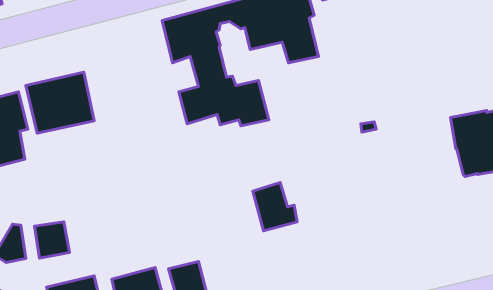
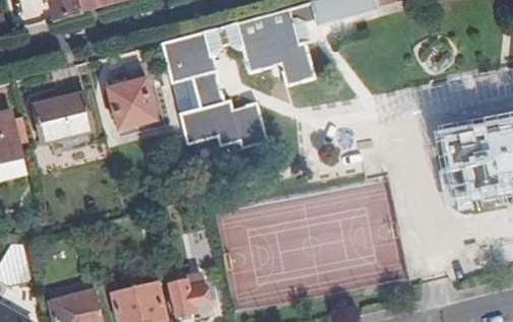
building: none -> [107,77,156,131]
building: [253,183,297,231] -> none
building: [34,222,69,258] -> none

